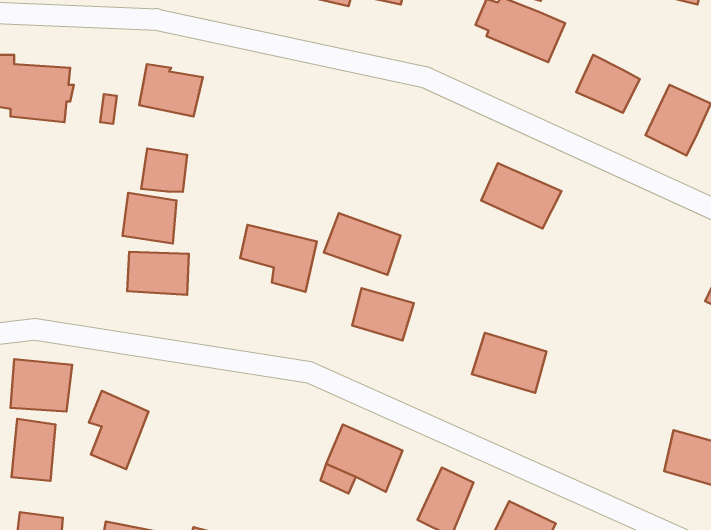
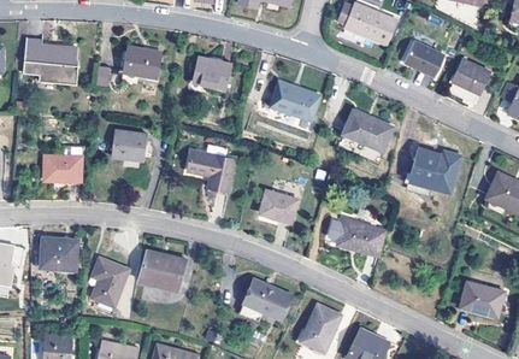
building: none -> [191,57,232,90]
building: [141,148,187,192] -> none
building: [324,213,401,275] -> [270,82,319,122]
building: none -> [409,147,461,194]
building: [127,252,189,295] -> [42,155,82,183]
building: none -> [137,249,185,292]
building: [12,419,55,481] -> none

